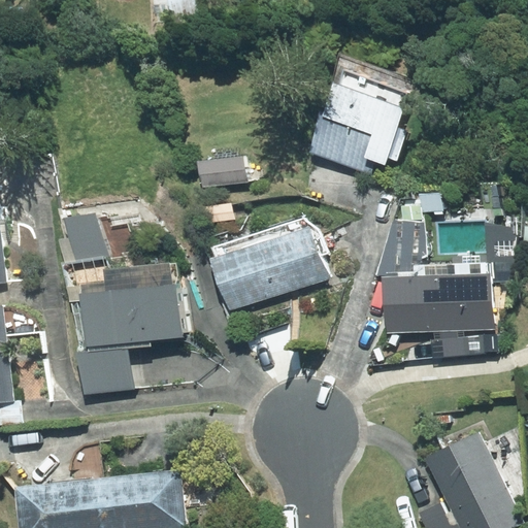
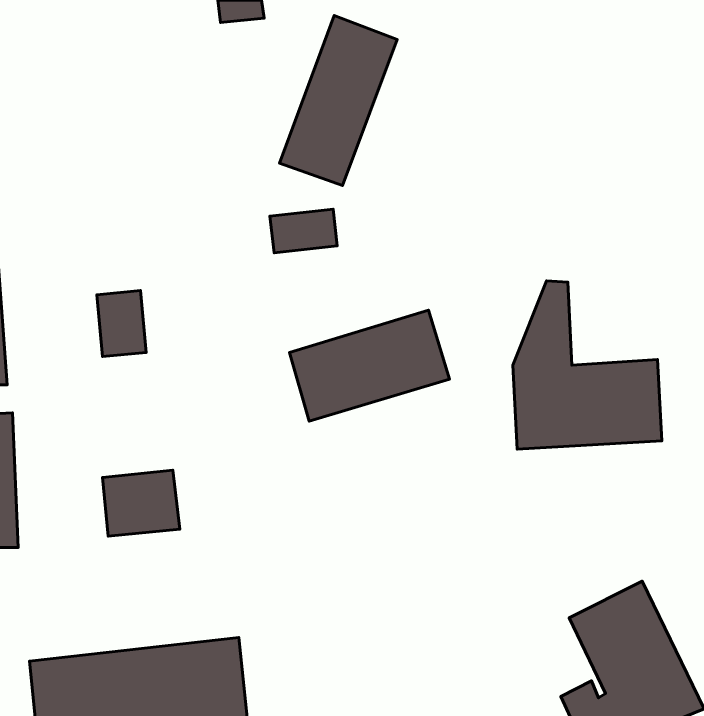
building: none -> [279,16,397,185]
building: [311,82,419,174] -> none
building: [82,286,183,345] -> none

